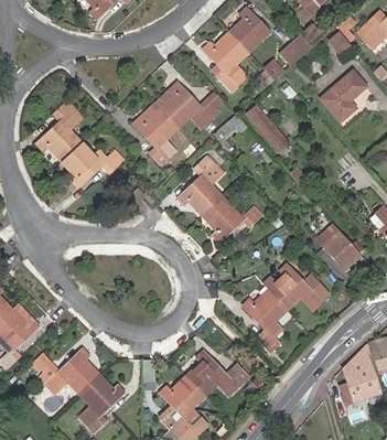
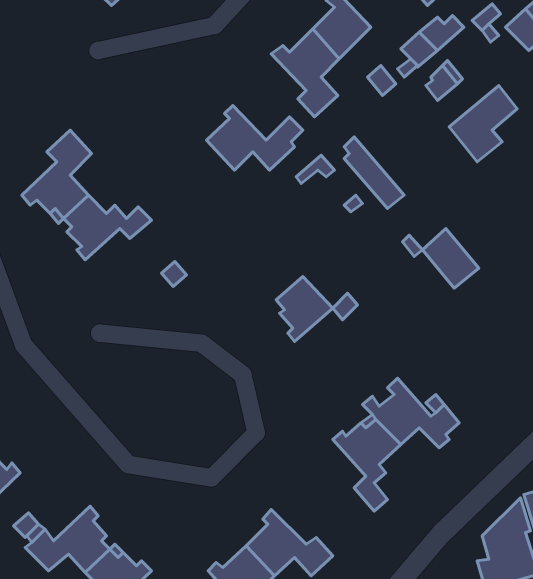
building: [133,103,178,167] -> none
building: [178,155,223,213] -> none
building: [322,229,359,269] -> [422,228,479,288]

